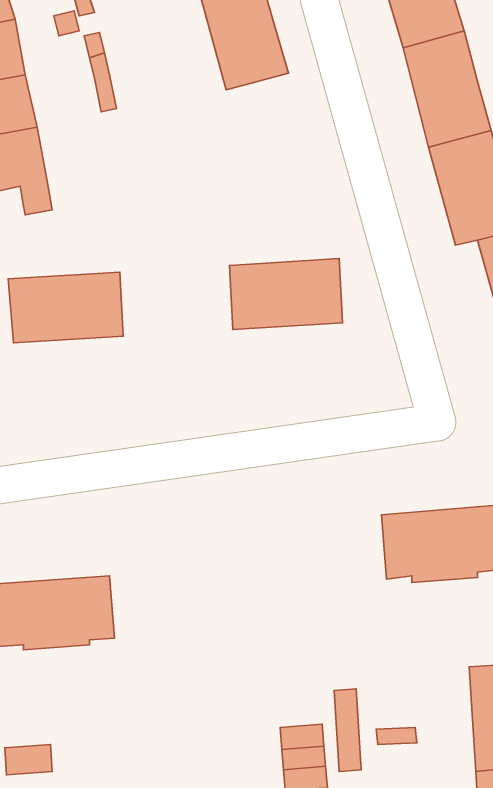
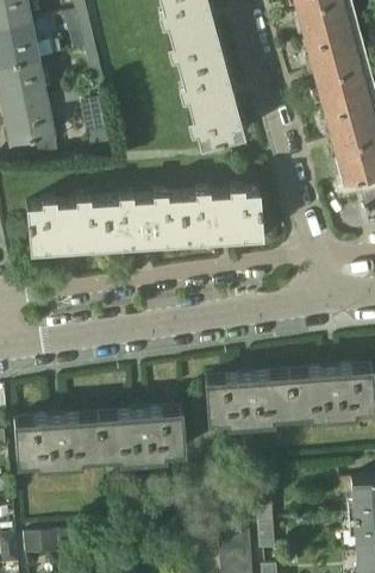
building: none -> [181,60,245,147]
building: none -> [106,195,186,245]
building: none -> [206,372,294,425]
building: none -> [99,407,187,461]

